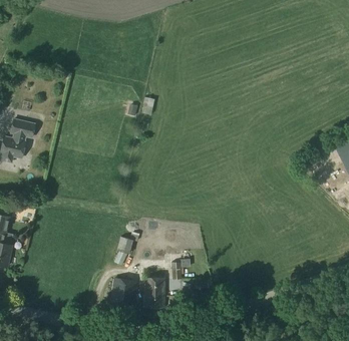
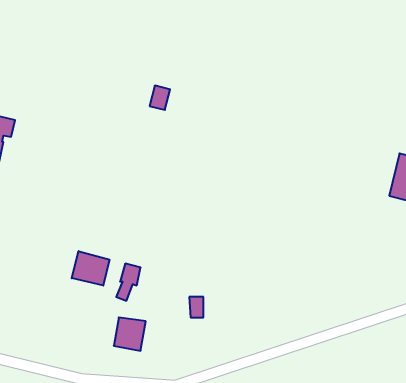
building: none -> [72,251,109,286]
building: [141,277,164,307] -> none

